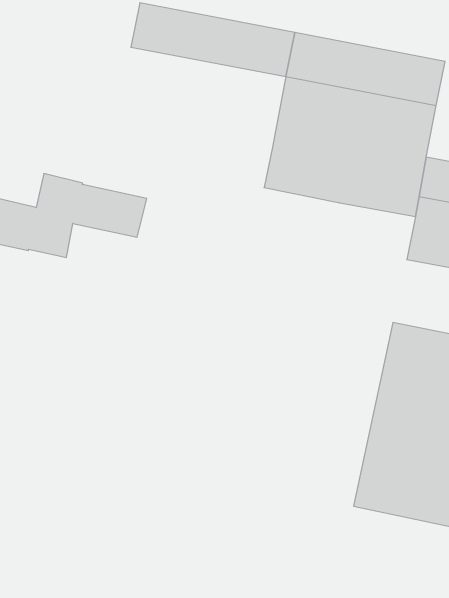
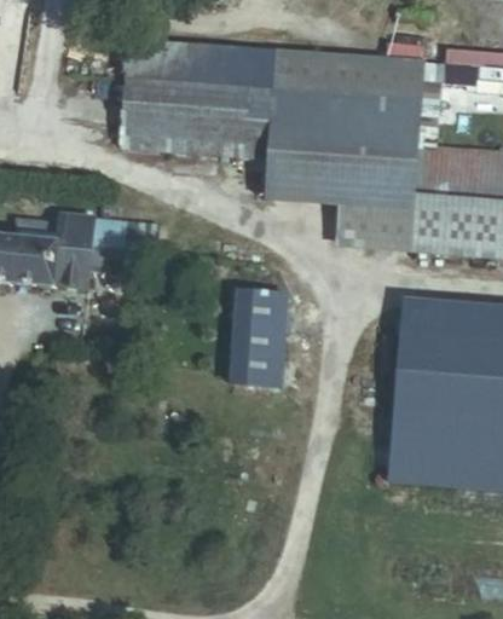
building: none -> [126,79,279,157]
building: none -> [340,202,416,248]
building: none -> [222,293,278,388]

